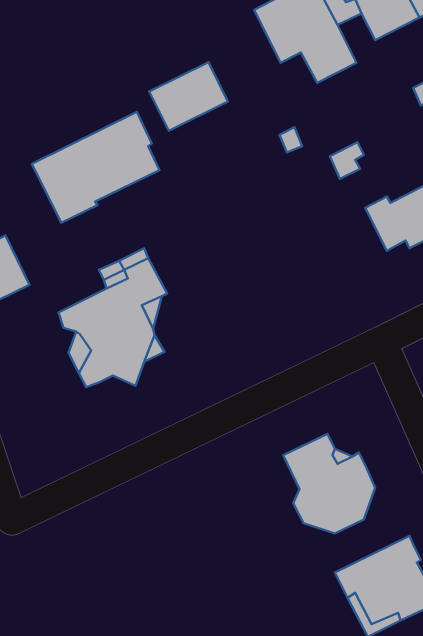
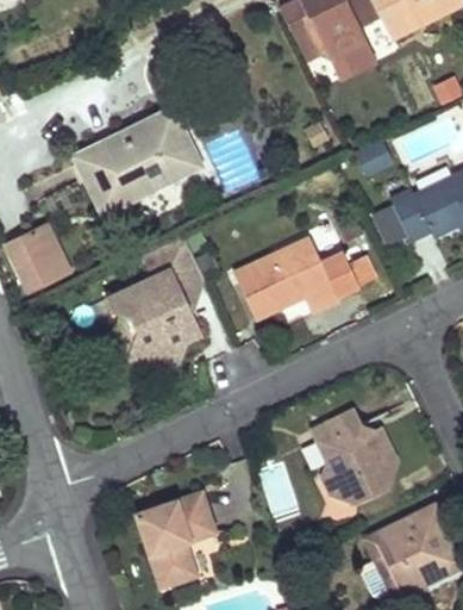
building: [149,62,228,131] -> none
building: none -> [233,236,377,318]
building: none -> [136,496,218,593]

